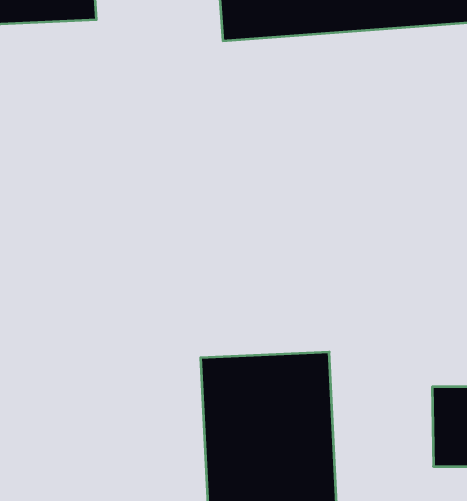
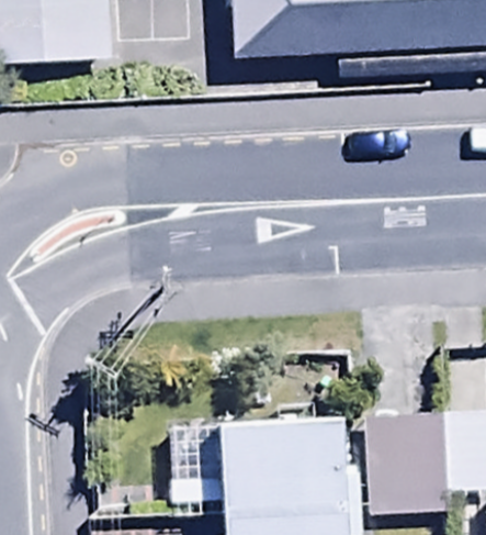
building: none -> [363,414,445,515]

